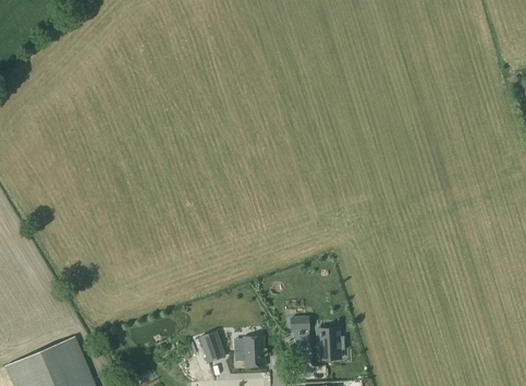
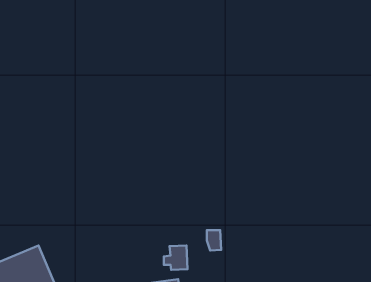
building: [318,330,344,360] -> none
building: [204,333,228,362] -> none

